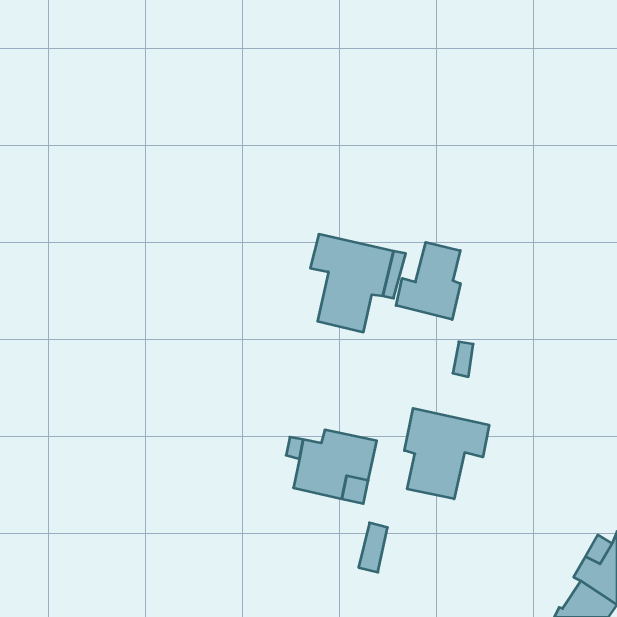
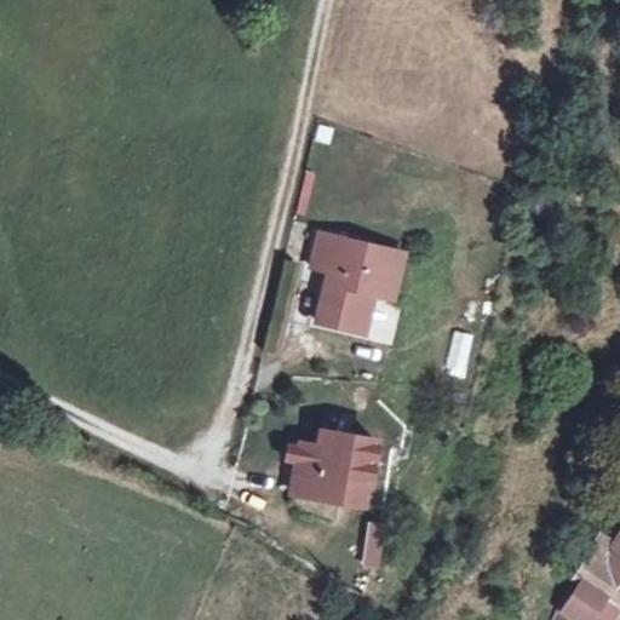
building: [396,242,460,320] -> none
building: [404,408,489,499] -> none

